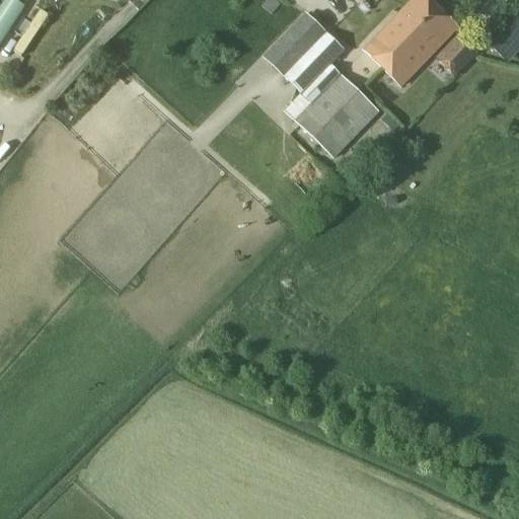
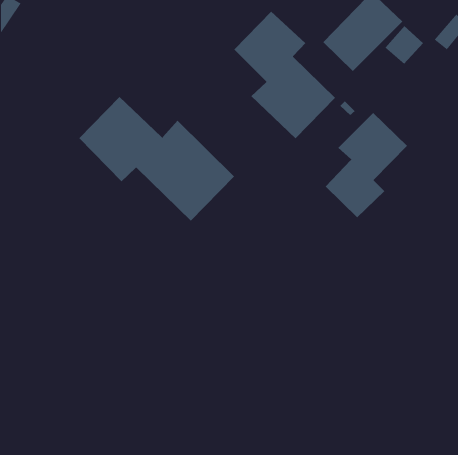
building: none -> [78,96,235,222]
building: none -> [325,112,408,218]

